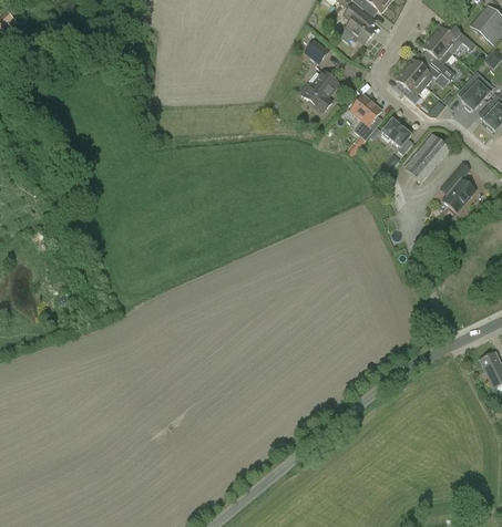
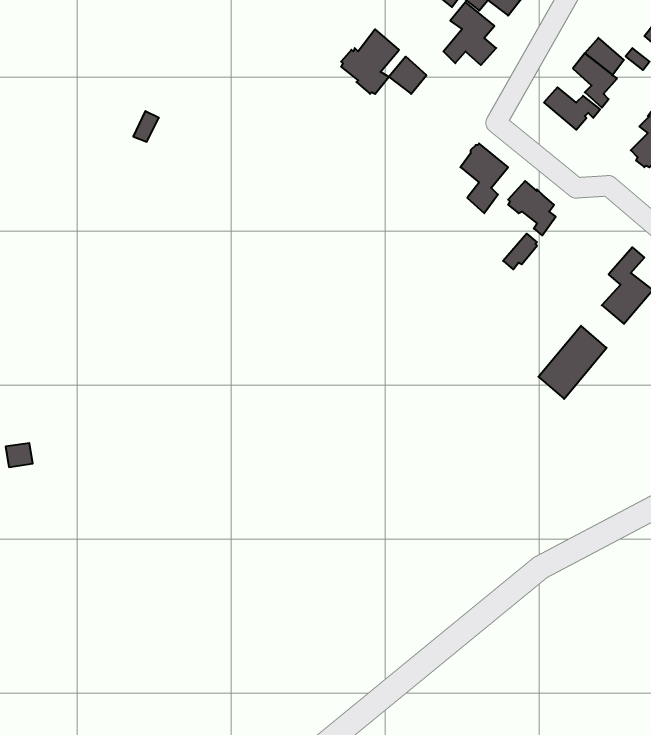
building: [396,68,426,103] -> none
building: [301,70,339,112] -> [341,29,399,94]
building: [404,134,449,182] -> [538,326,607,399]

